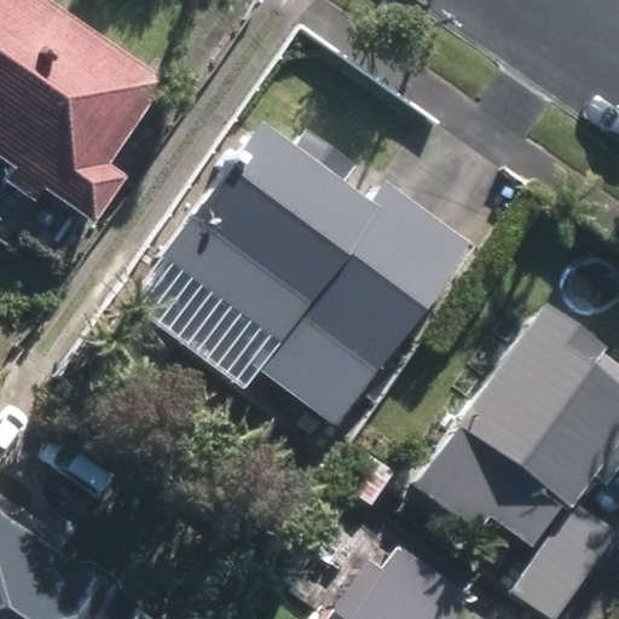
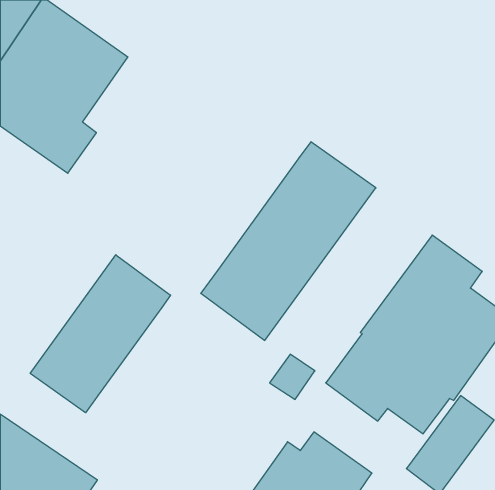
building: [156,122,377,348] -> none
building: none -> [30,255,171,413]

